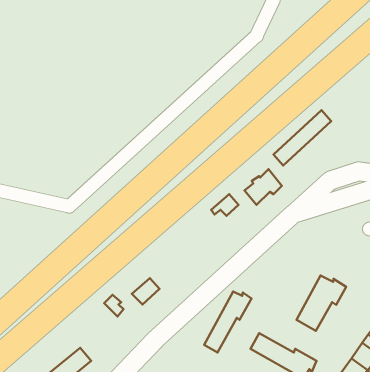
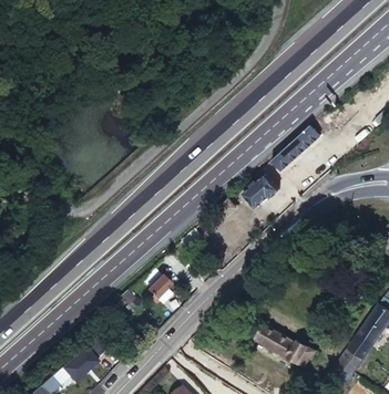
building: [297,275,346,331] -> none
building: [204,291,251,353] -> none

